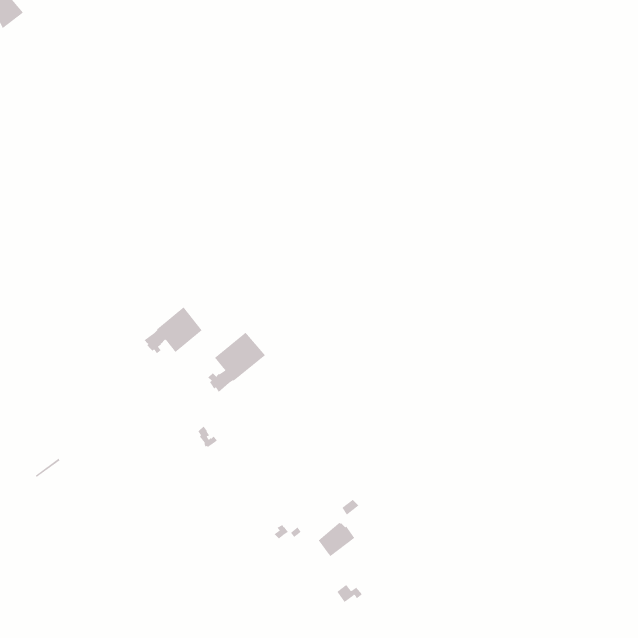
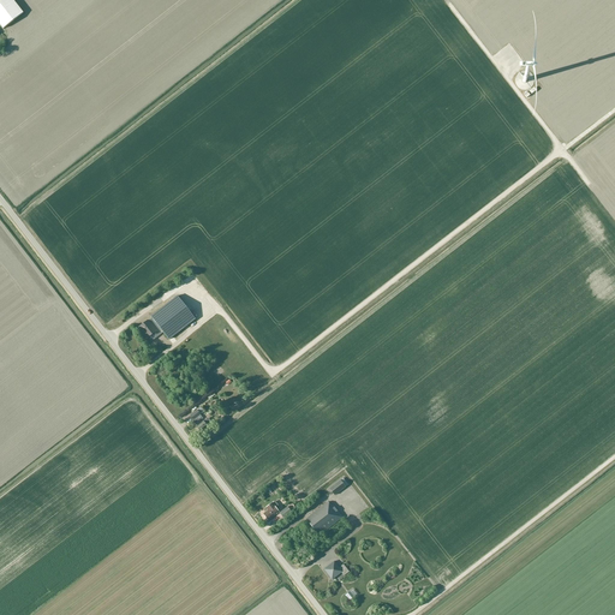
building: [208,332,266,393] -> none

